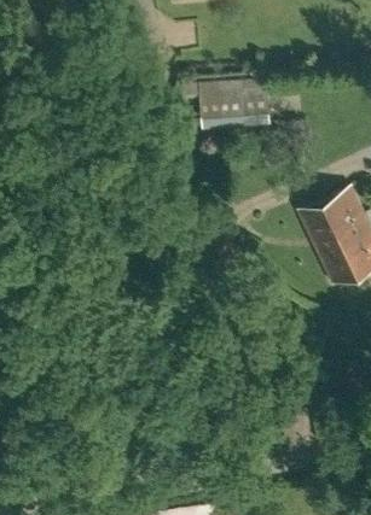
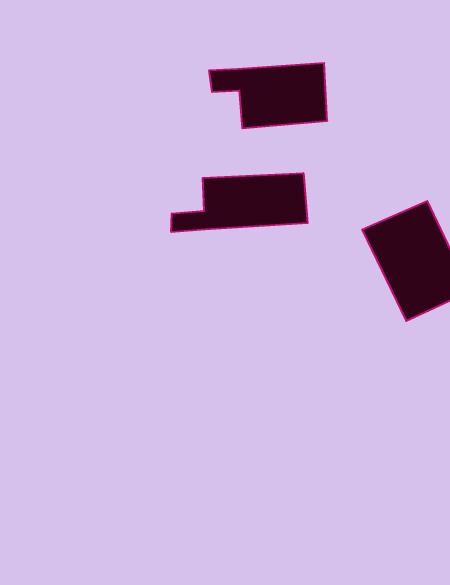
building: none -> [171,173,308,232]

